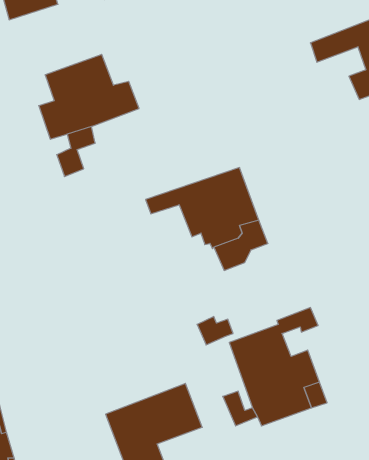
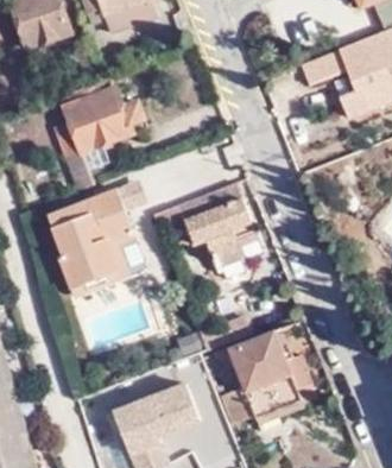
building: none -> [48,188,134,298]

